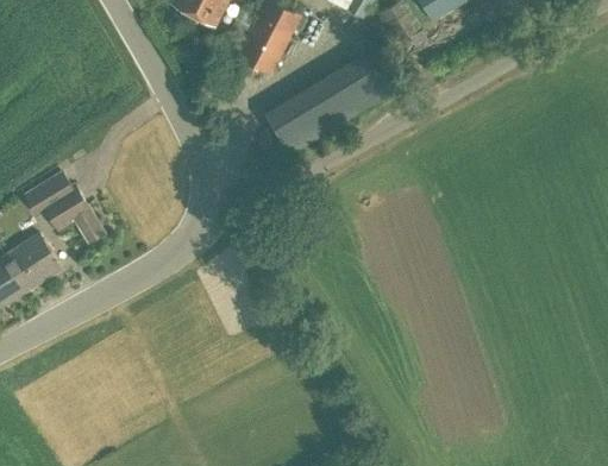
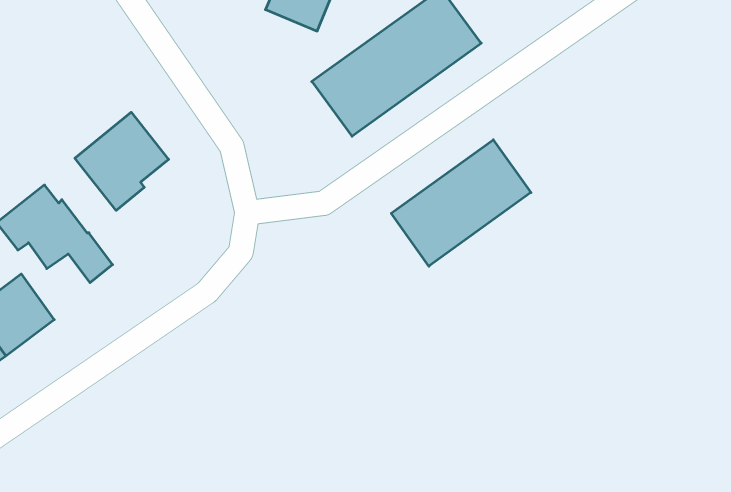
building: none -> [75,112,169,210]
building: none -> [391,140,531,266]

